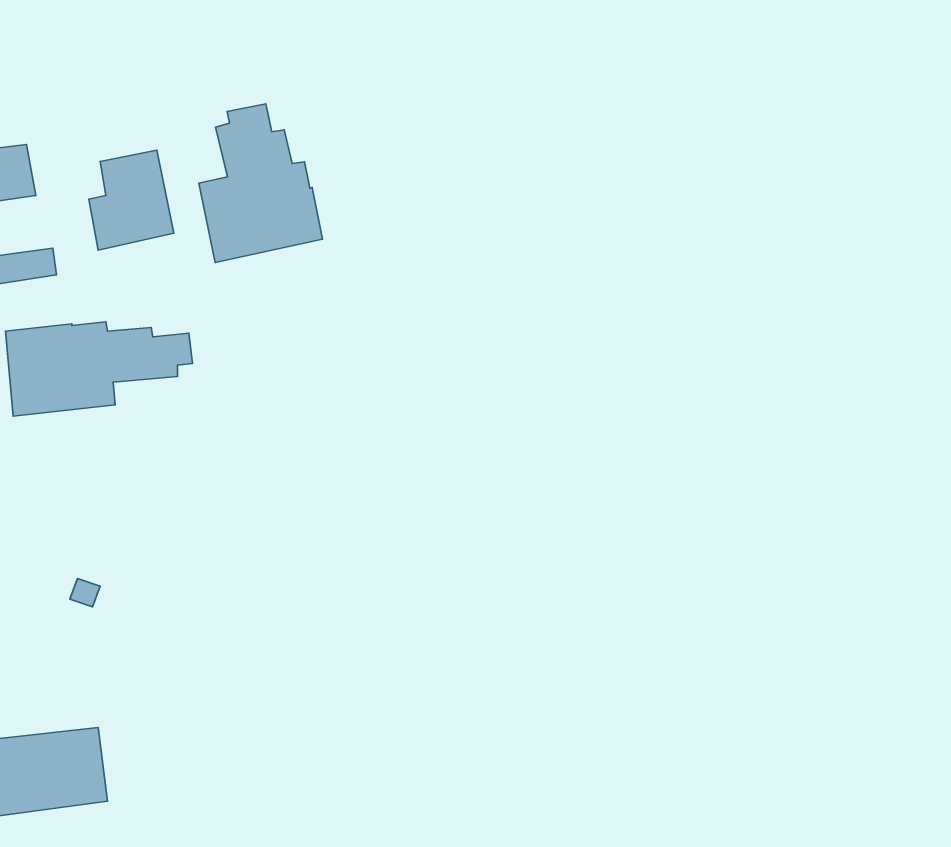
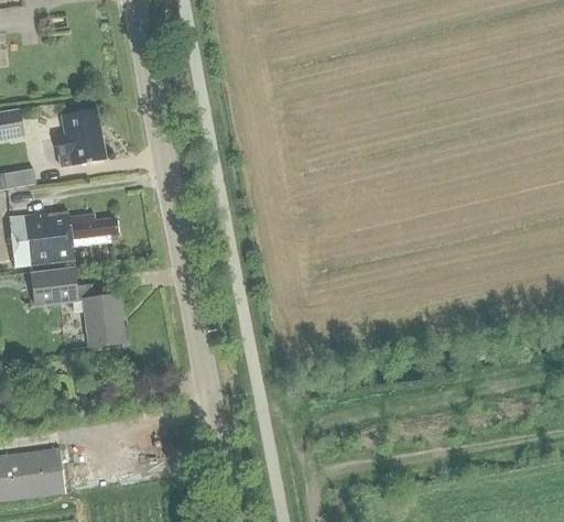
building: [199,104,323,263] -> none
building: none -> [30,267,122,346]

